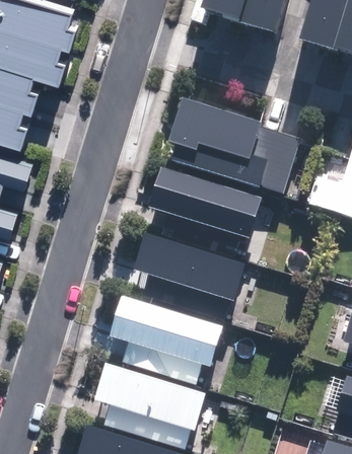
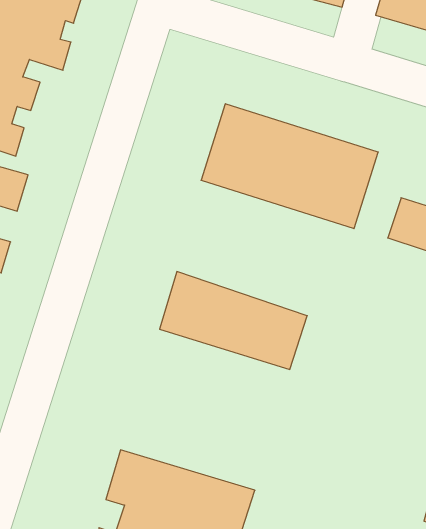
building: [149,171,261,240] -> none
building: [111,296,226,385] -> none

